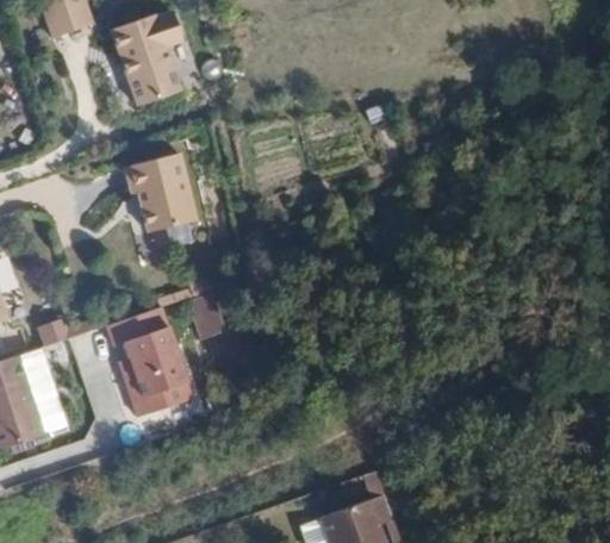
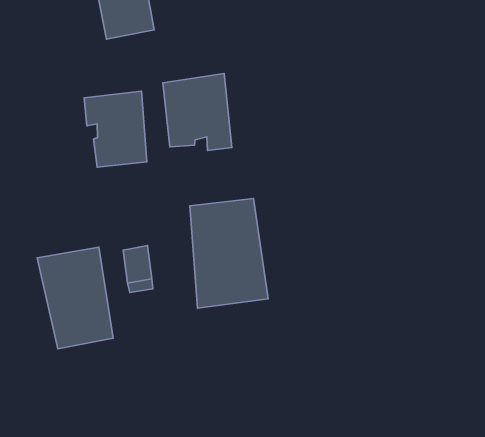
building: none -> [163,73,232,150]
building: none -> [190,199,268,308]

